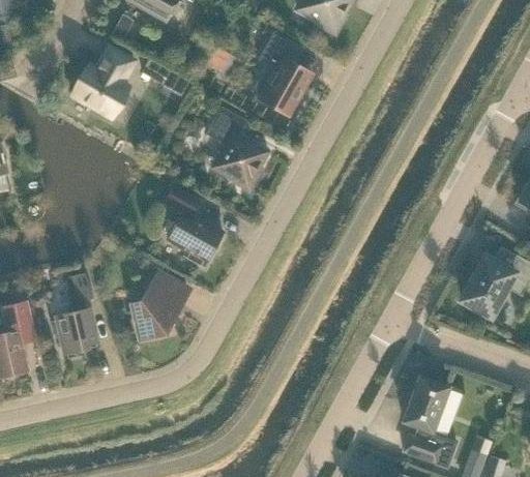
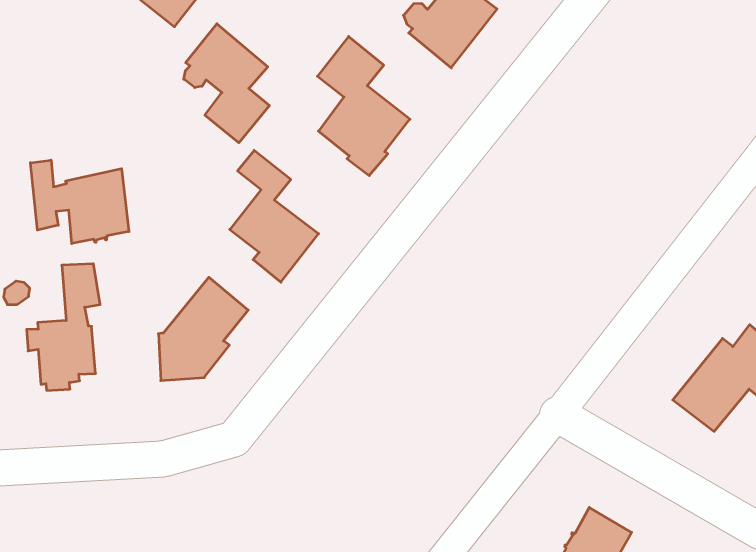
building: none -> [184,24,269,143]
building: none -> [30,160,129,244]

